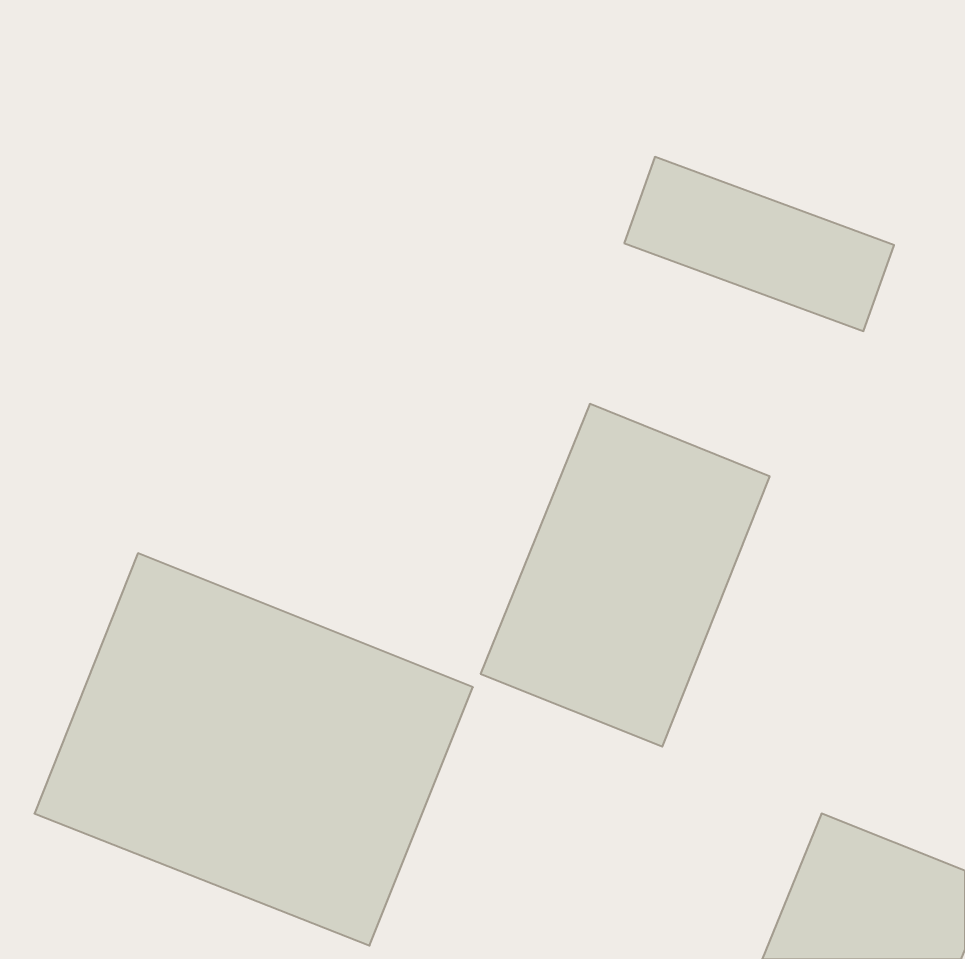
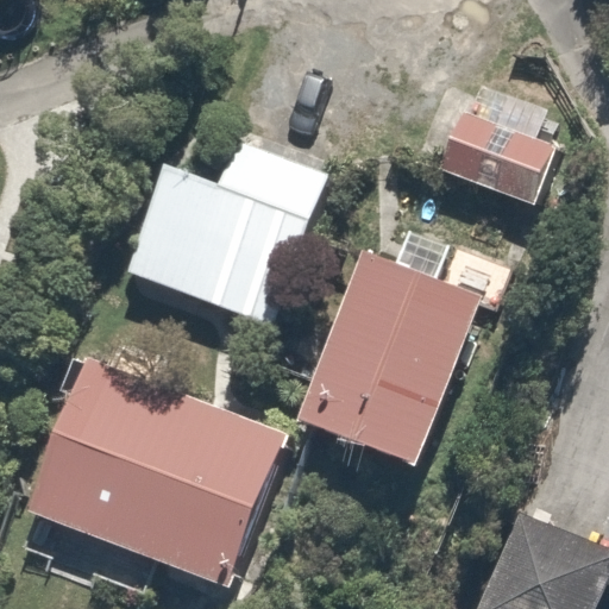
building: none -> [120,151,324,334]

